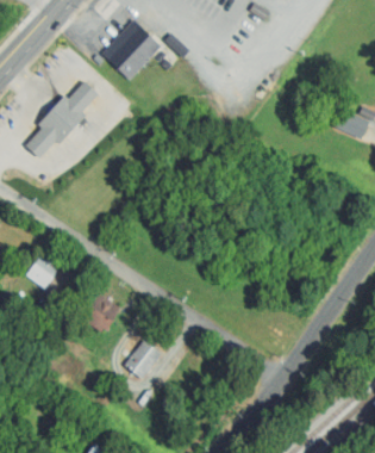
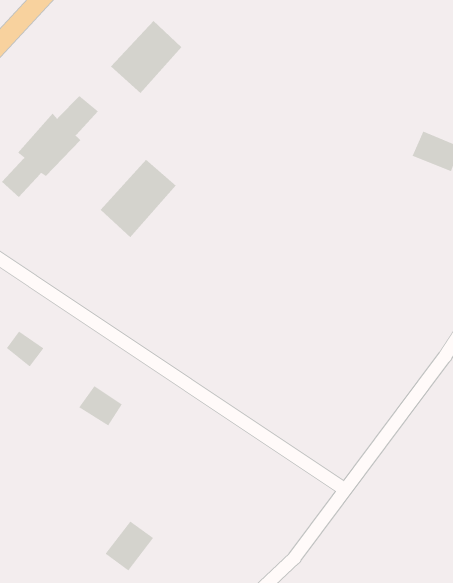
building: none -> [100,159,177,238]
building: [125,340,162,378] -> [104,520,154,572]

